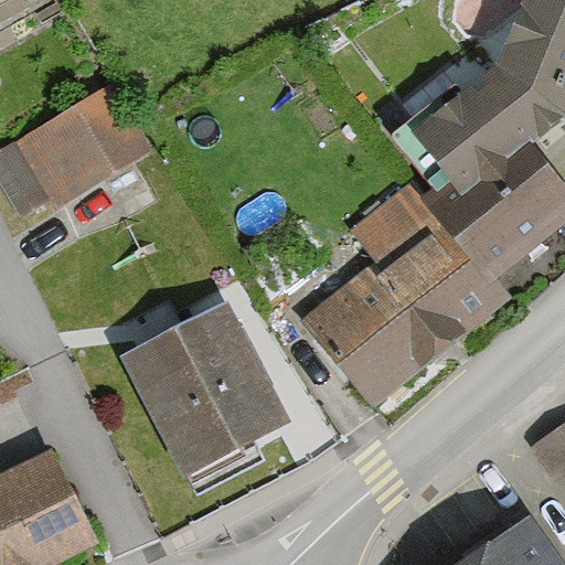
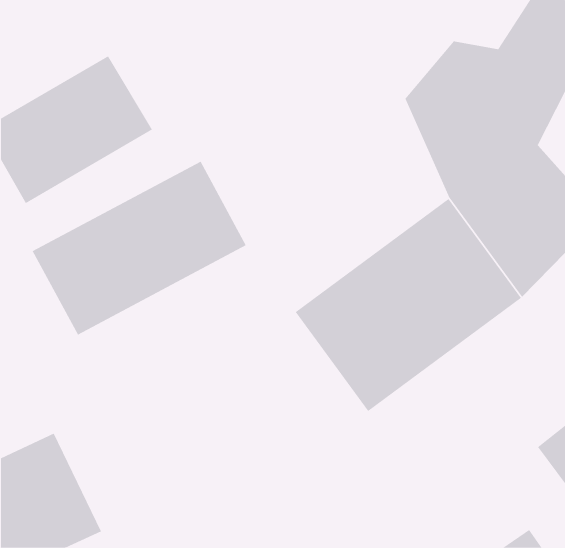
building: none -> [32,161,247,335]
building: [118,306,297,497] -> none

